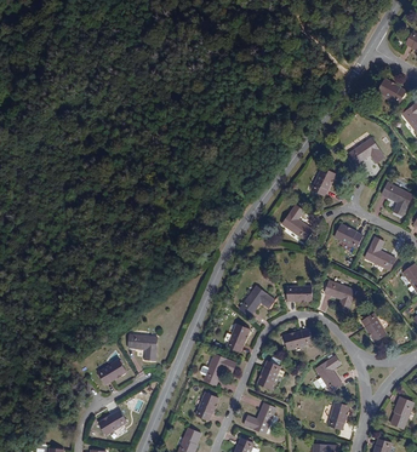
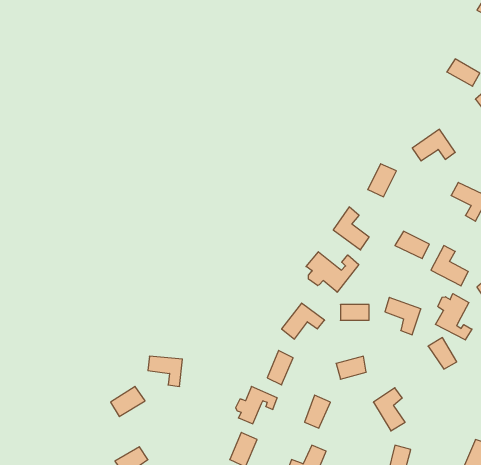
building: none -> [306,252,359,292]
building: none -> [435,294,472,340]

